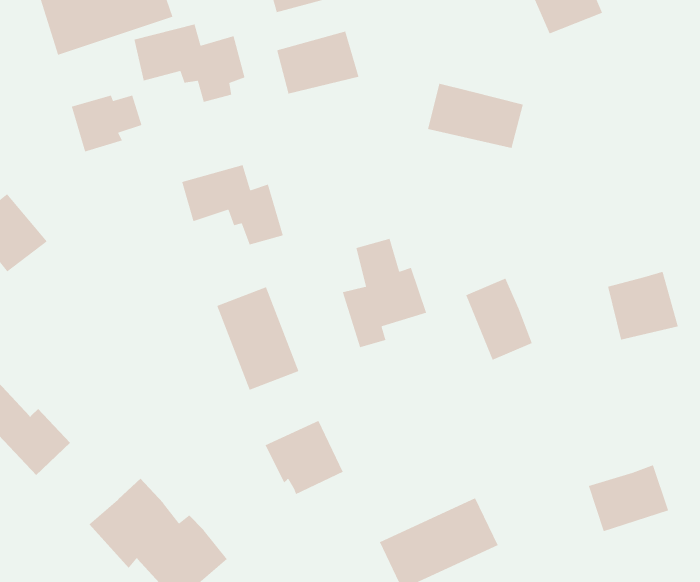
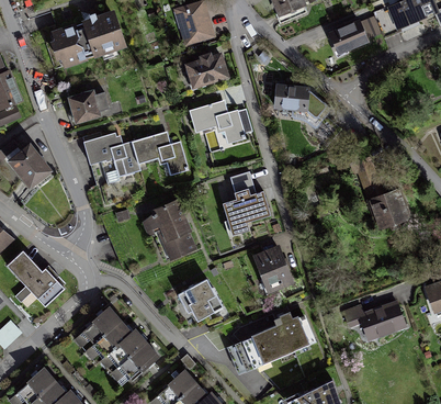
building: [133,24,246,103] -> [189,100,252,145]
building: none -> [83,132,138,183]
building: [465,278,533,361] -> [251,247,290,294]

